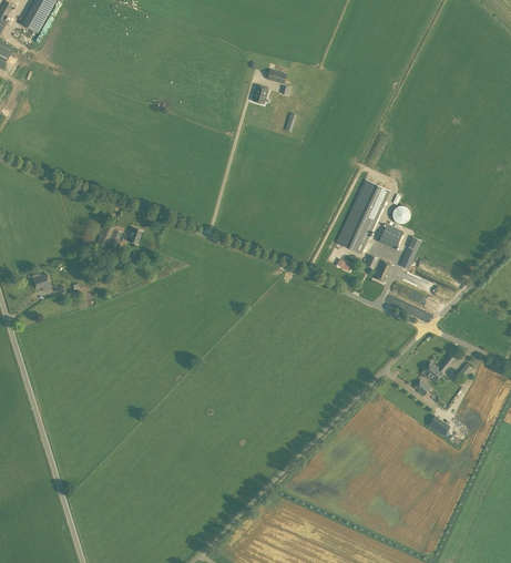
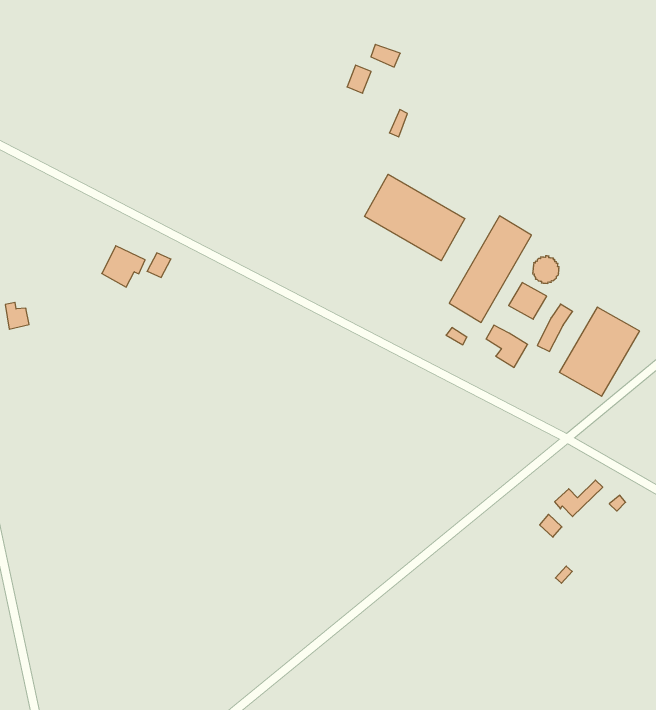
building: none -> [365,174,465,261]
building: none -> [559,307,639,396]

